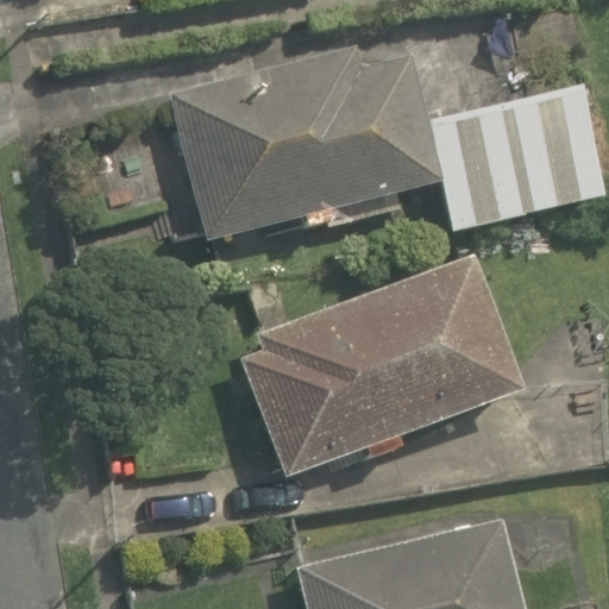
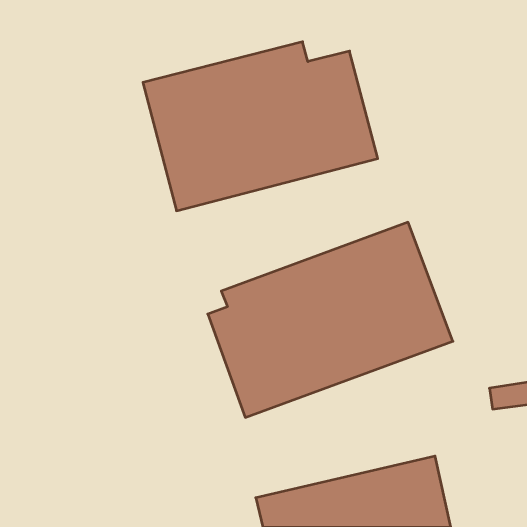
building: [427,90,601,231] -> none

